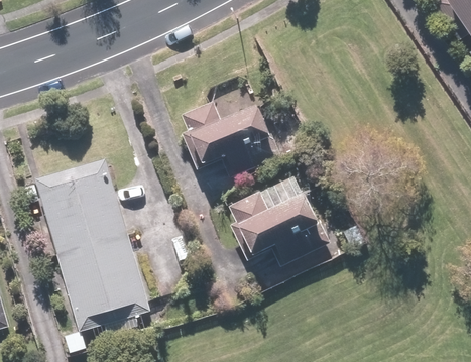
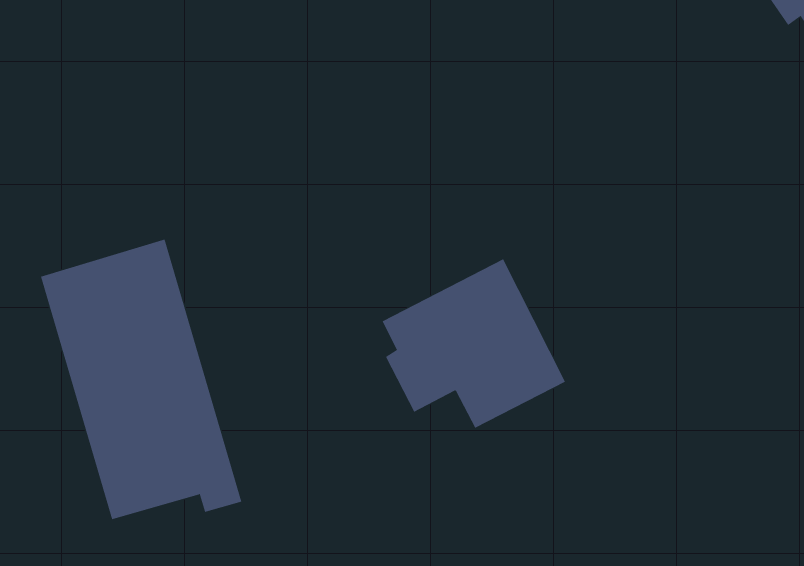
building: [176,77,283,178] -> none

